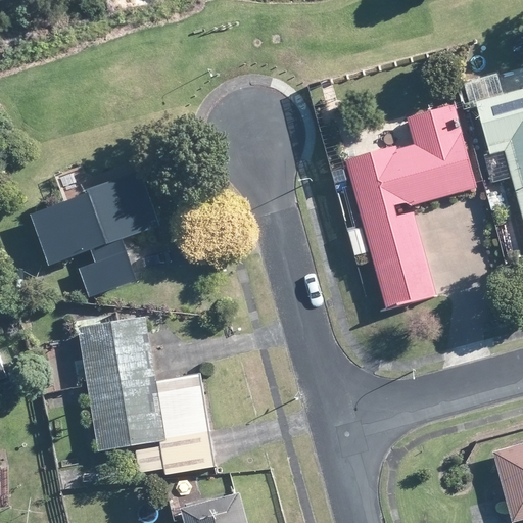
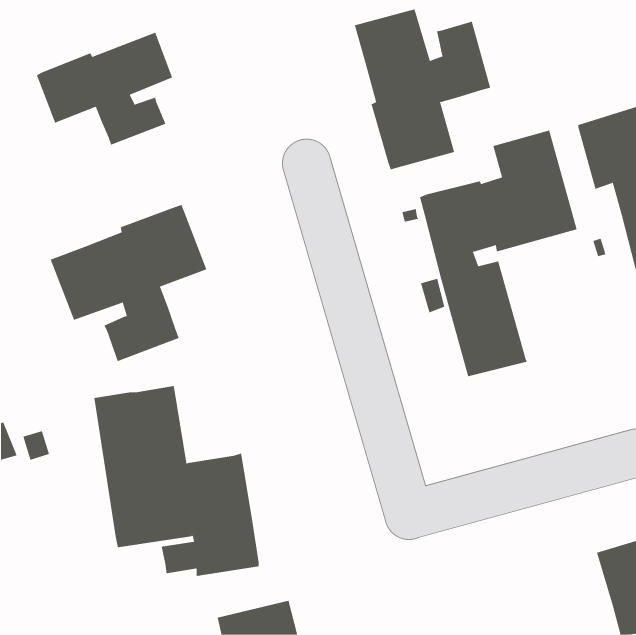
building: none -> [354,8,491,170]
building: none -> [36,32,173,145]

